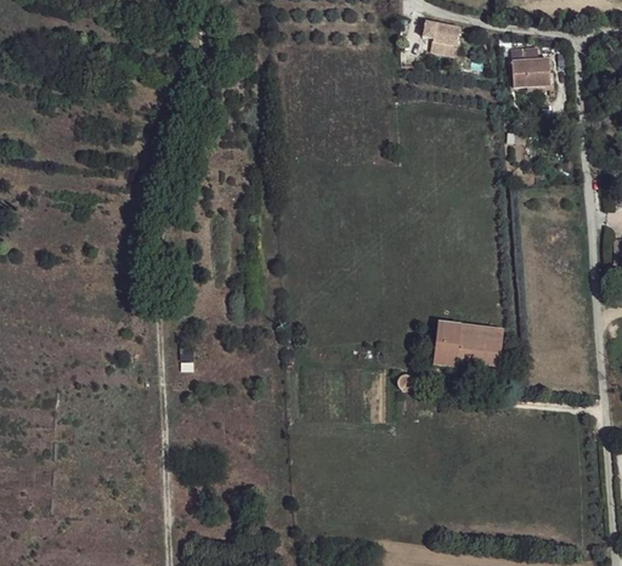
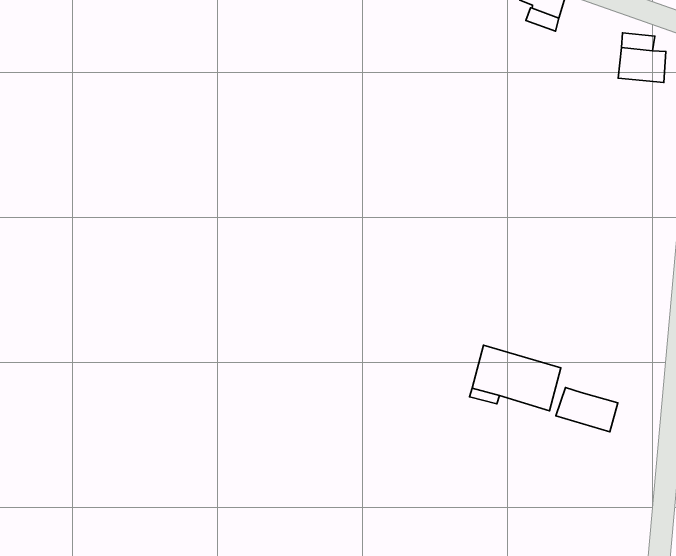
building: none -> [556,387,618,432]

